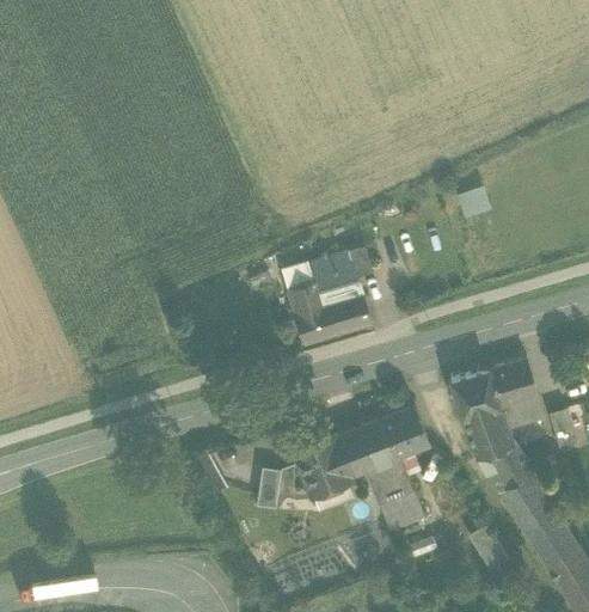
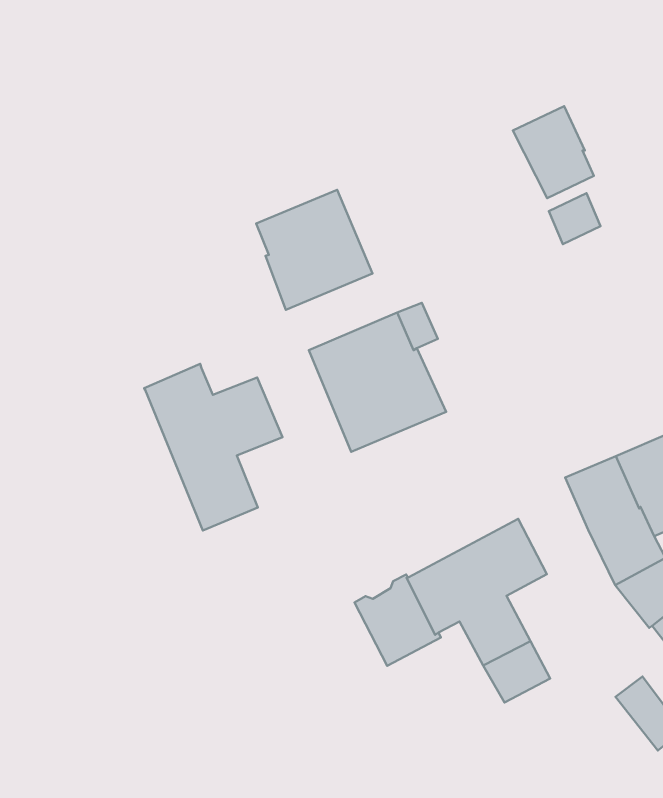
building: none -> [513,106,594,198]
building: none -> [256,190,372,310]
building: none -> [144,364,282,531]
building: [257,469,281,509] -> none

